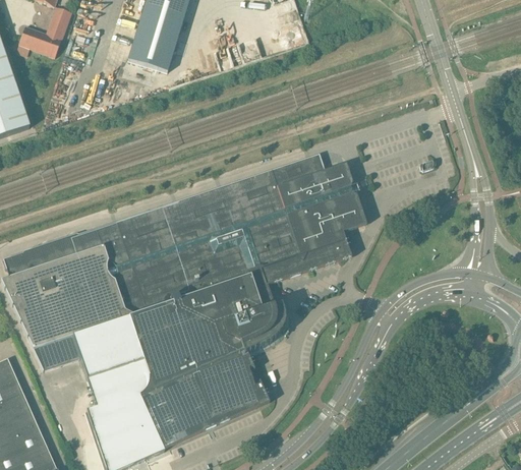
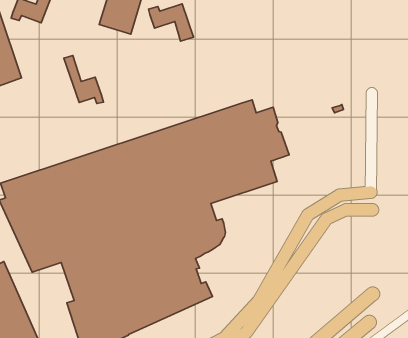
building: none -> [149,4,193,41]
building: none -> [64,55,103,104]

